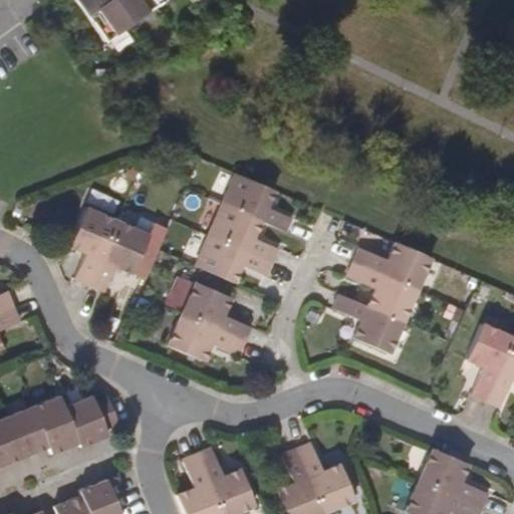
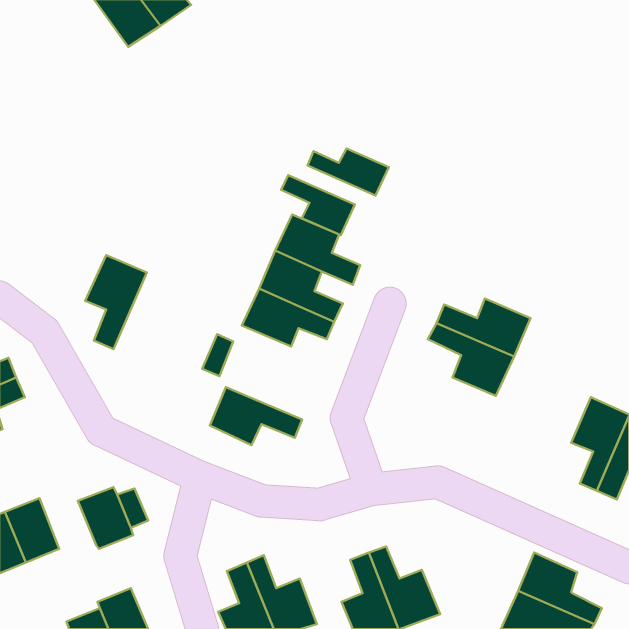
building: none -> [308,149,389,196]
building: none -> [281,175,355,235]
building: [92,222,151,290] -> none
building: [184,281,253,341] -> none
building: [335,296,404,354] -> none
building: [32,395,78,454] -> none

